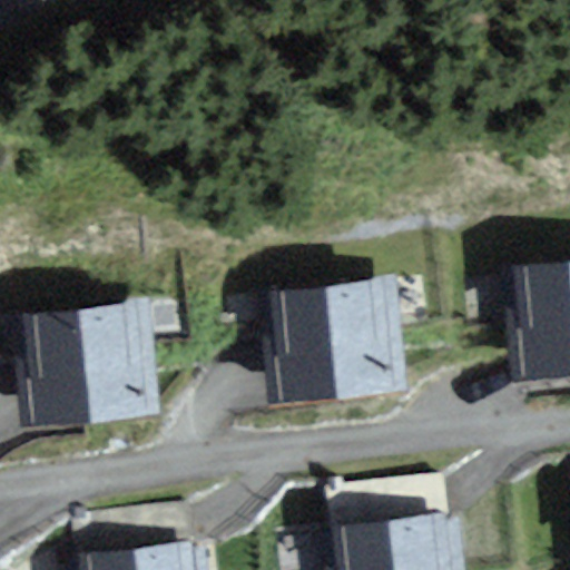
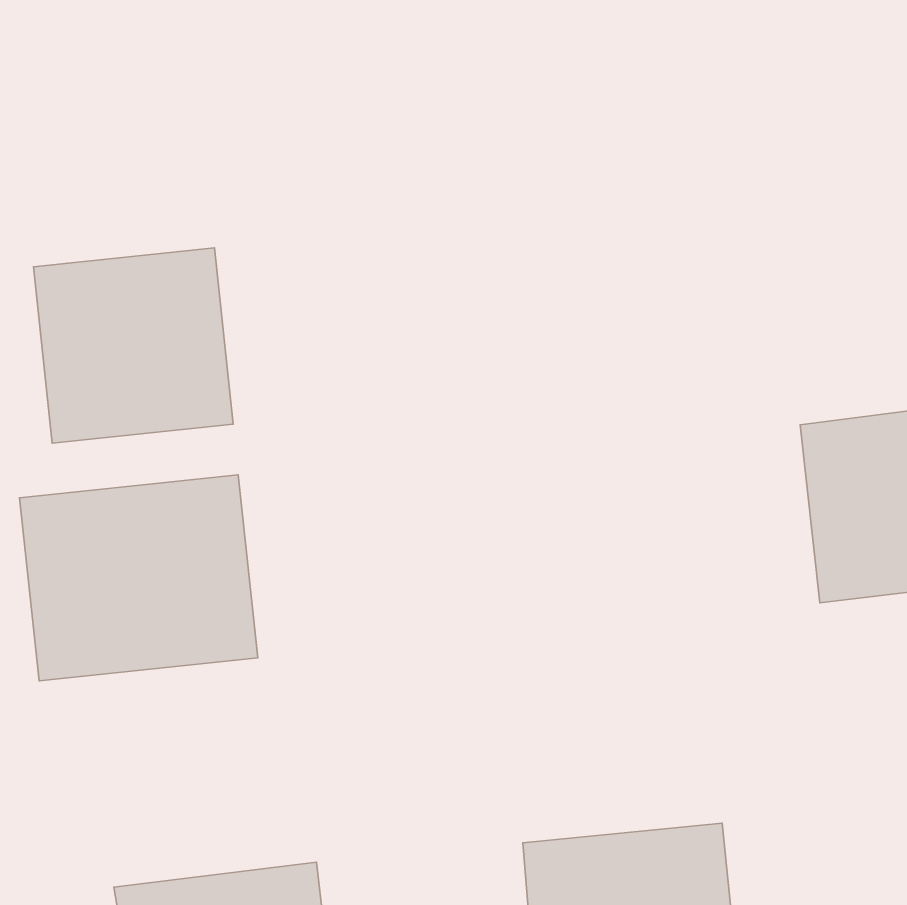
building: none -> [34,248,233,443]
building: [259,277,410,403] -> none

